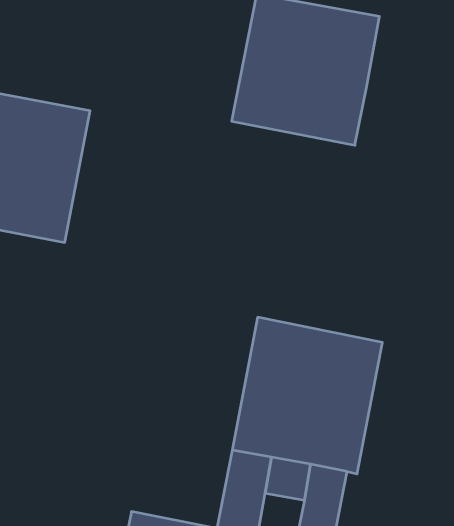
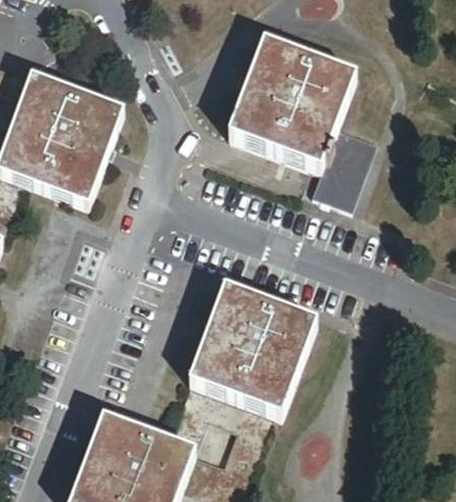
building: none -> [309,122,375,205]

